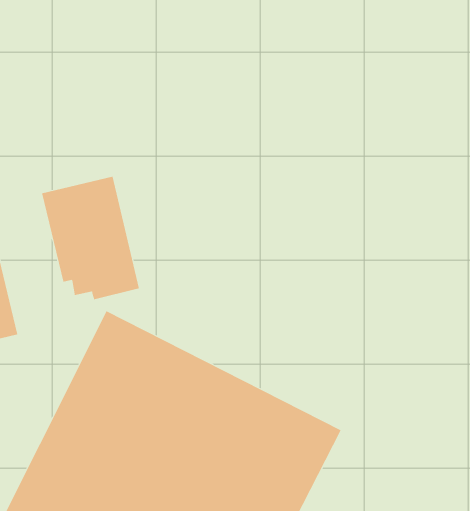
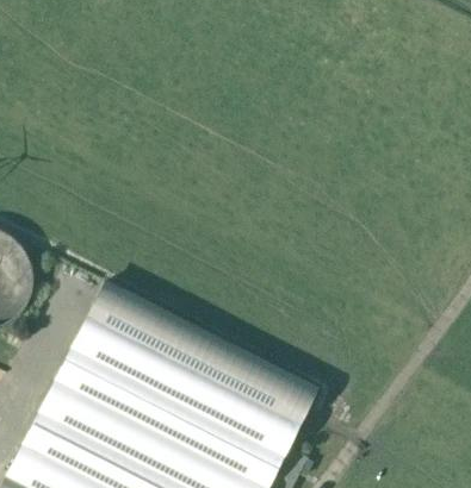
building: [42,176,139,300] -> none

